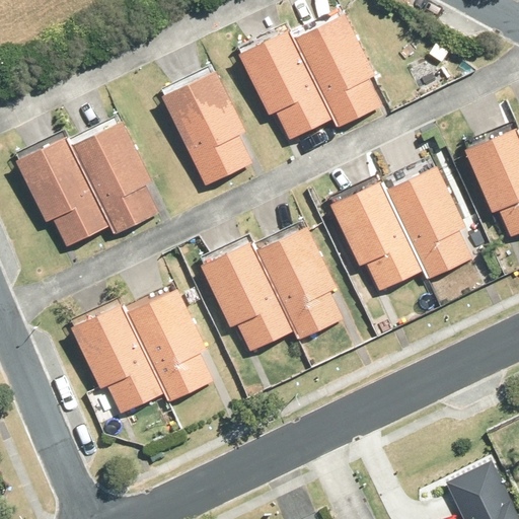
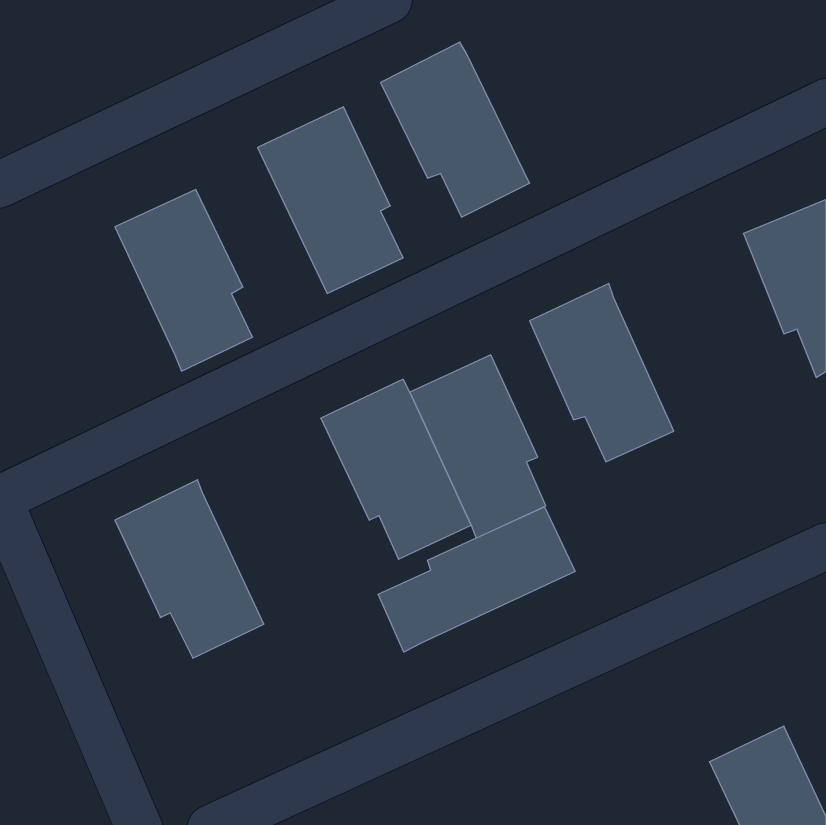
building: [292,10,380,125] -> none
building: [15,135,109,246] -> none
building: [384,165,470,281] -> none
building: [127,287,213,401] -> none
building: none -> [378,507,575,652]

